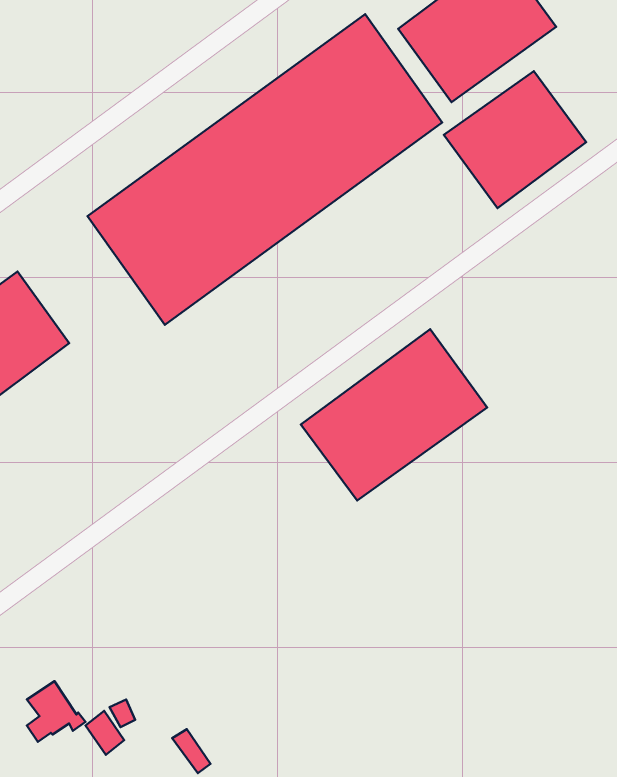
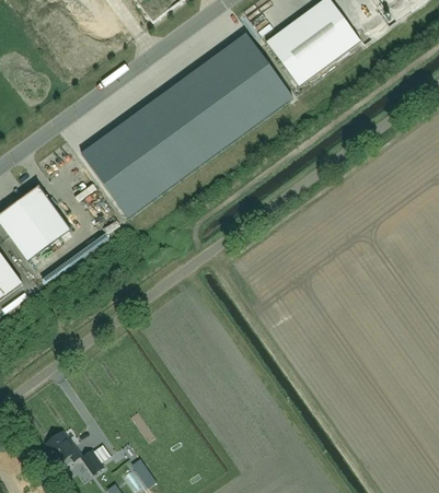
building: [444,71,586,208] -> none
building: [301,329,487,500] -> none

